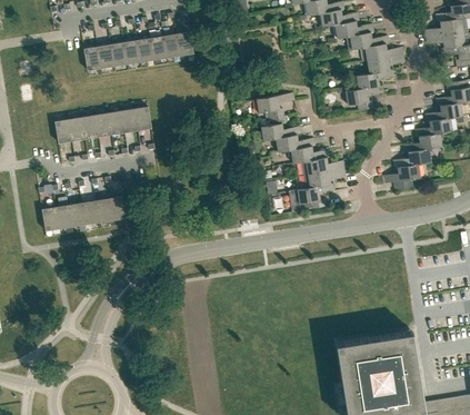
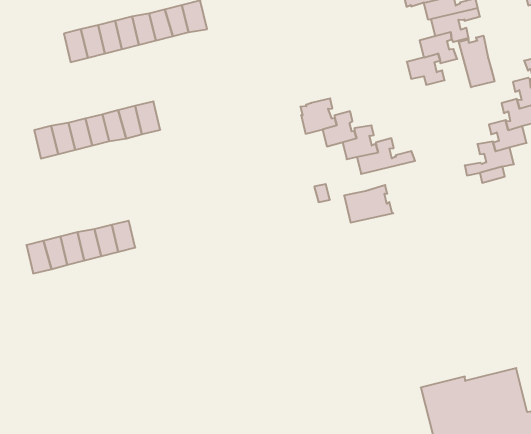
building: none -> [458,36,495,87]
building: [256,92,294,118] -> none
building: [302,168,346,192] -> none

